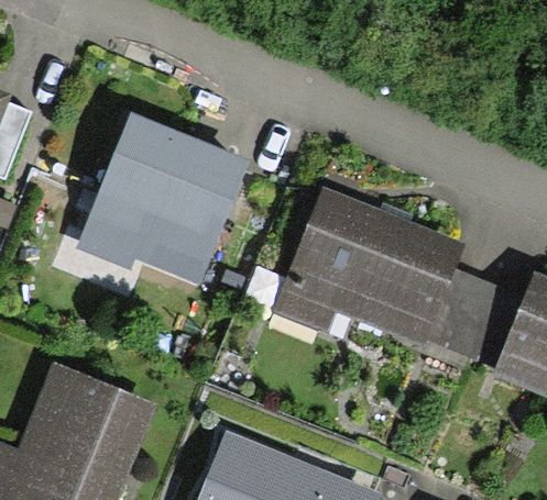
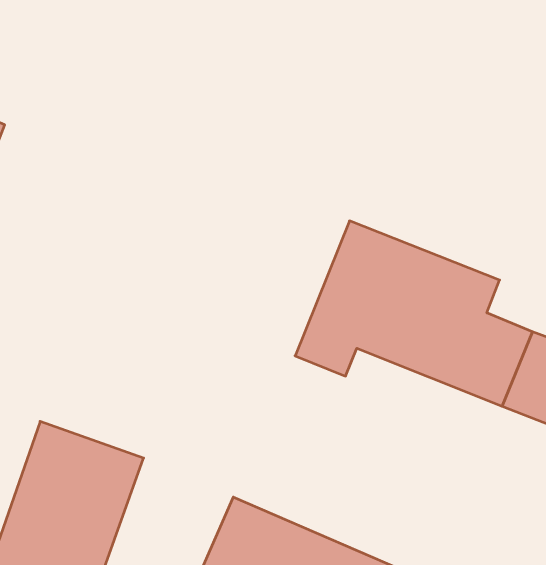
building: [85,121,243,274] -> none

